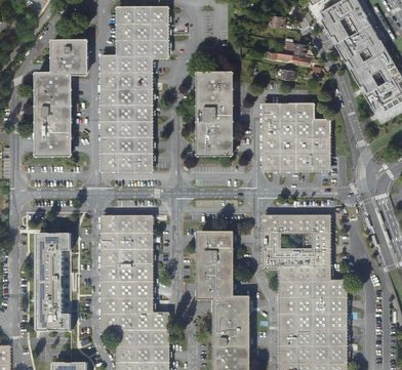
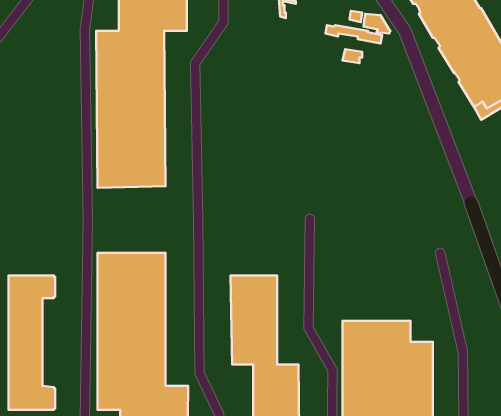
building: [38,40,87,154] -> none
building: [199,72,233,154] -> none
building: [264,105,329,169] -> none
building: [264,217,329,266] -> none

